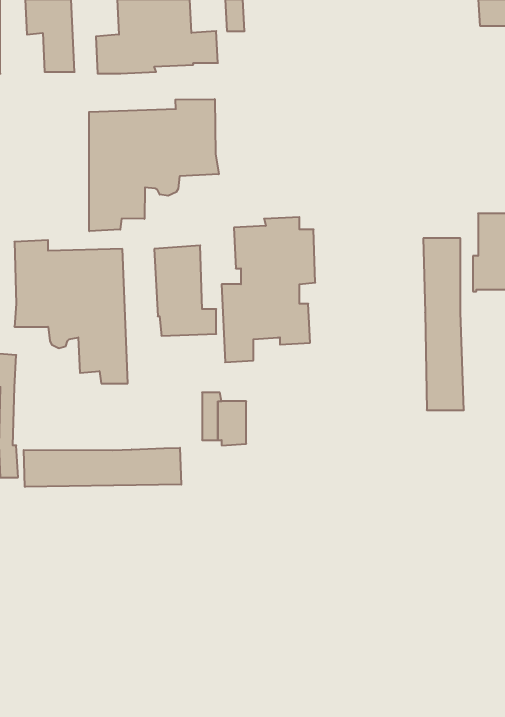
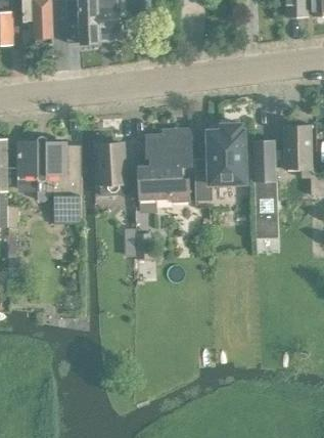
building: [89,99,219,231] -> none
building: none -> [195,123,246,200]
building: [24,448,181,487] -> none

